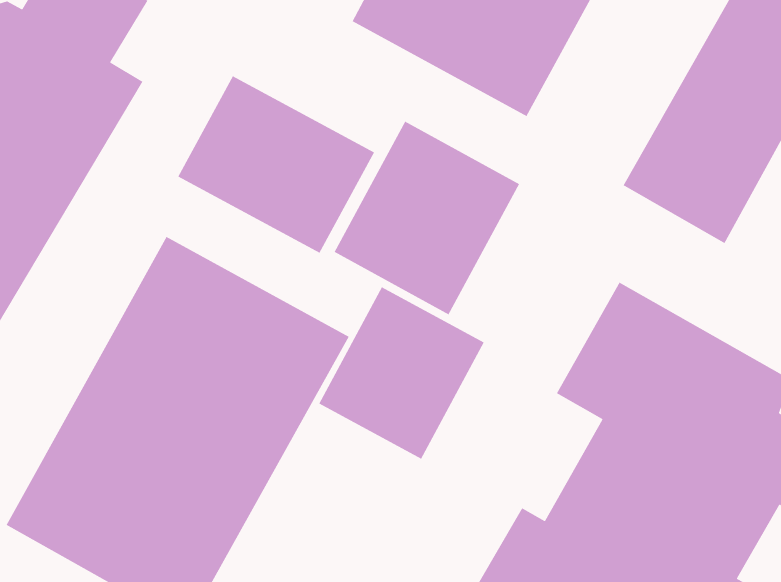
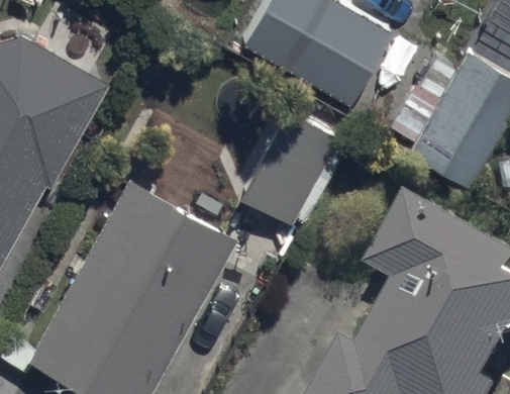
building: [177,75,375,254] -> none
building: [318,286,485,460] -> none

